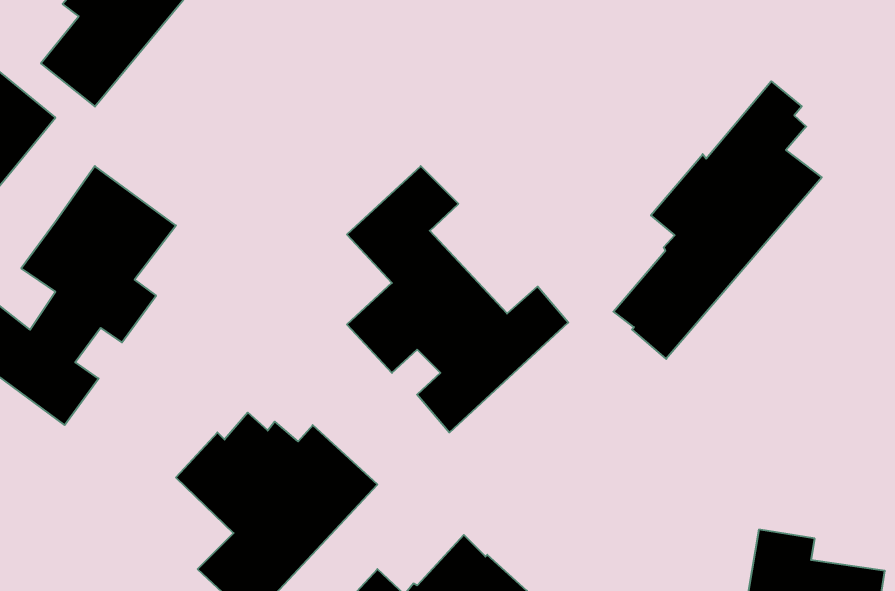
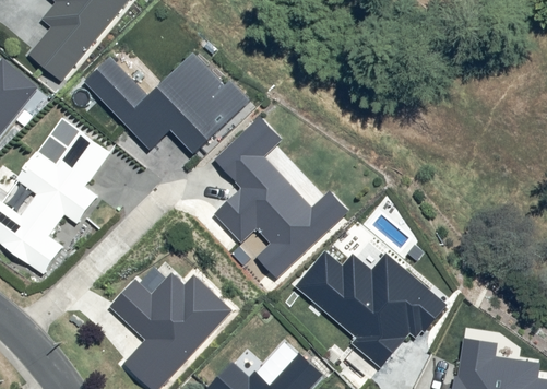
building: none -> [84,51,250,153]
building: [613,81,822,359] -> none
building: none -> [295,250,447,368]

